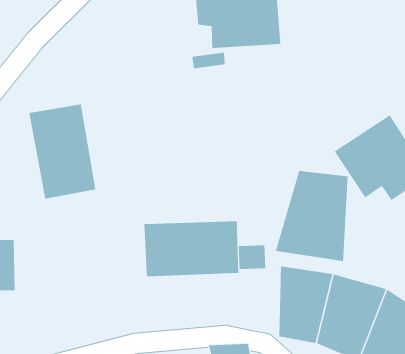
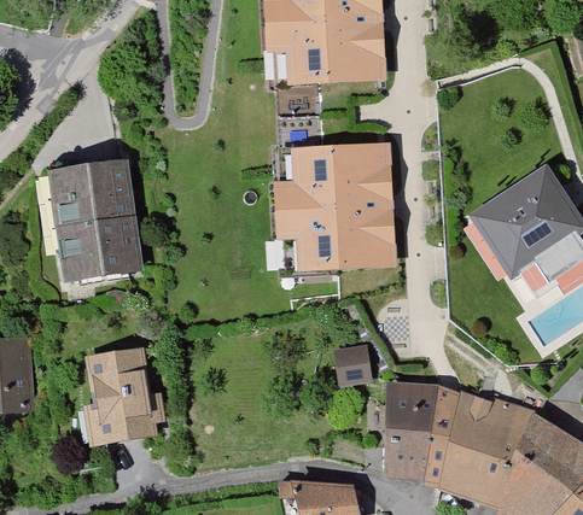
building: none -> [280,139,397,268]
building: [275,170,348,262] -> none
building: [144,220,239,277] -> none
building: none -> [82,350,158,451]

